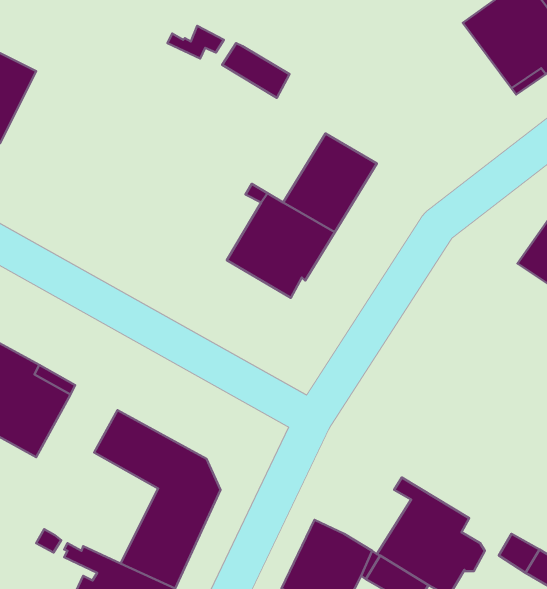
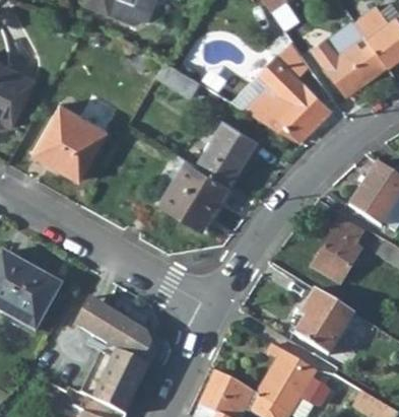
building: none -> [246,40,330,142]
building: none -> [34,103,107,179]
building: none -> [312,217,362,283]
building: none -> [294,287,354,354]

